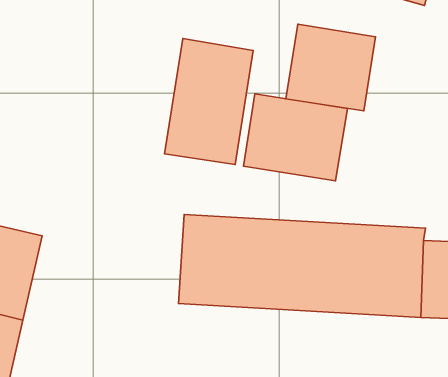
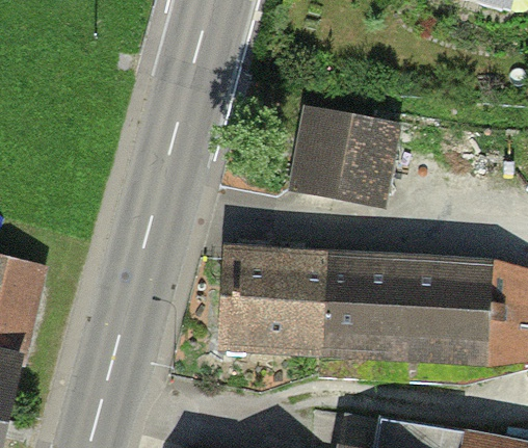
building: [286,24,375,111] -> none
building: [164,39,253,164] -> none

